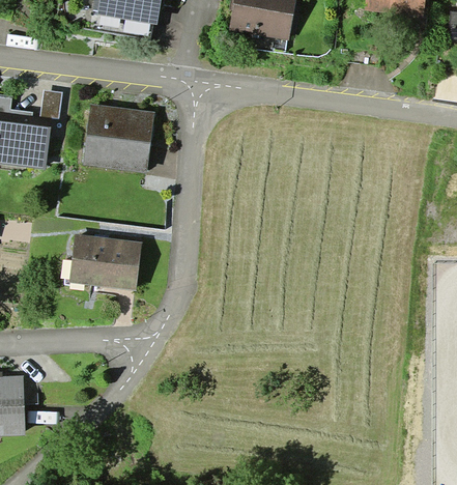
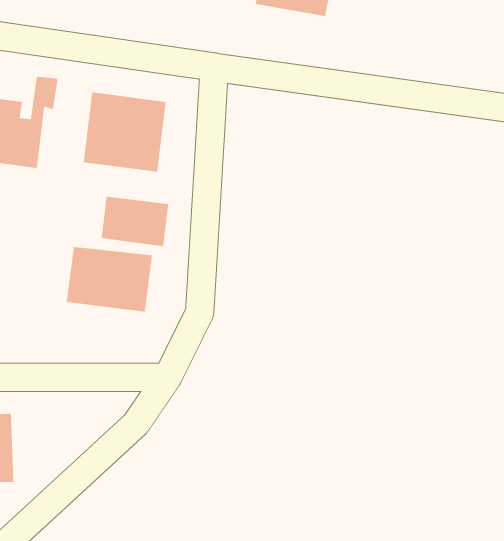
building: none -> [101,196,169,247]

